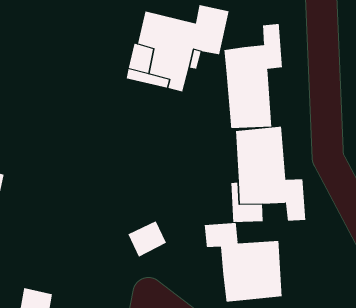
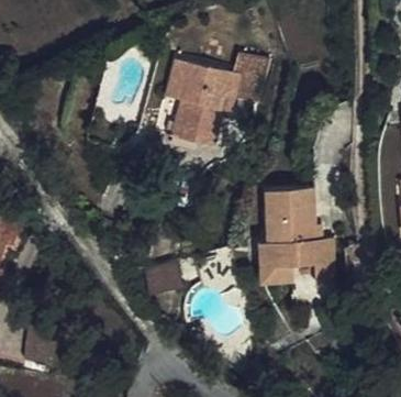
building: [224,23,282,129] -> none
building: [204,222,282,303] -> none

